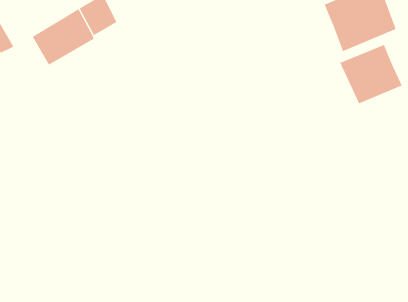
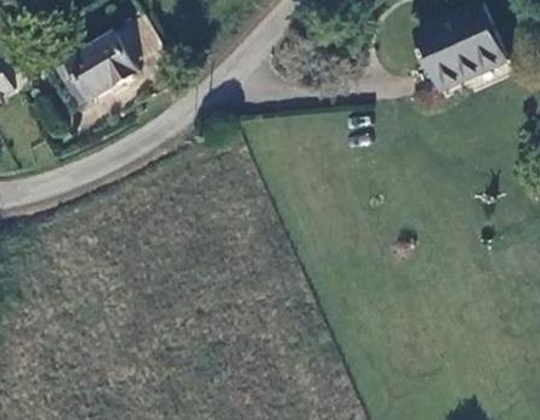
building: [339,44,402,104] -> none

